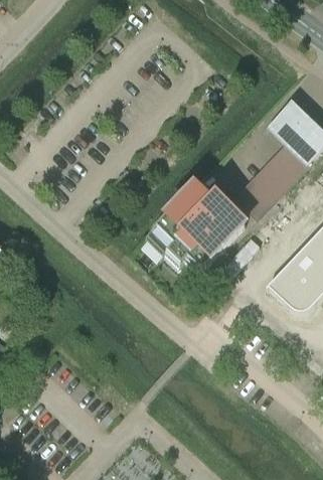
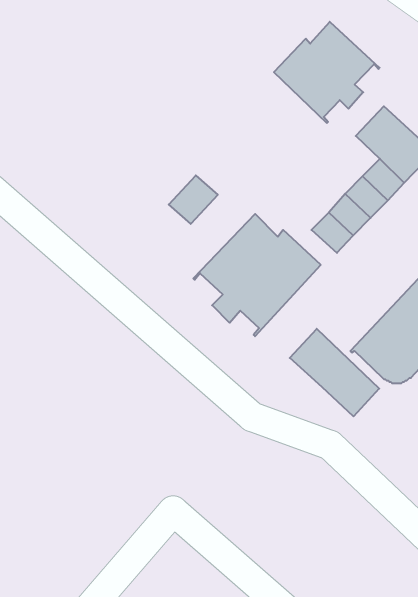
building: none -> [274,22,380,123]
building: none -> [169,175,218,224]
building: none -> [290,329,379,416]

